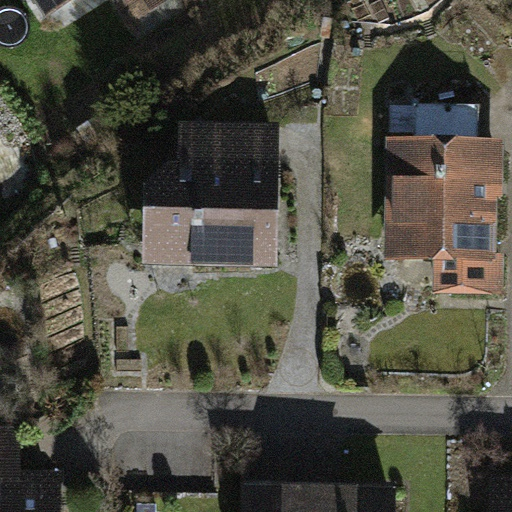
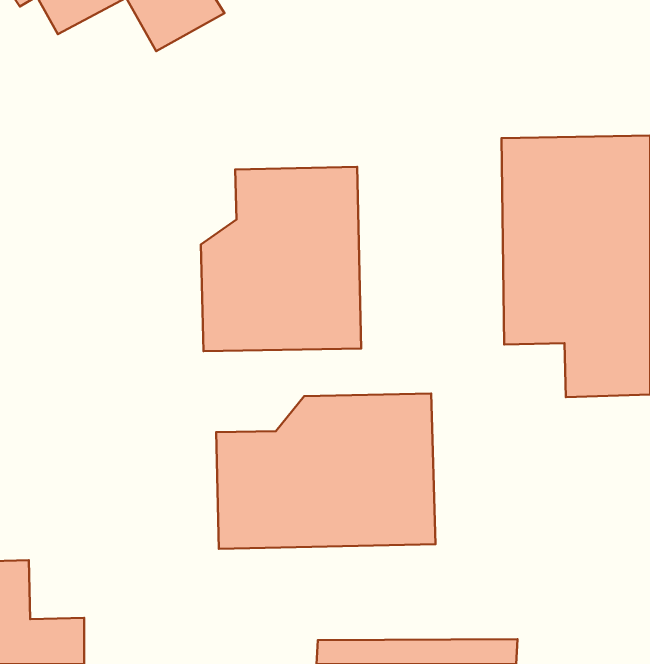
building: none -> [216,394,435,549]

